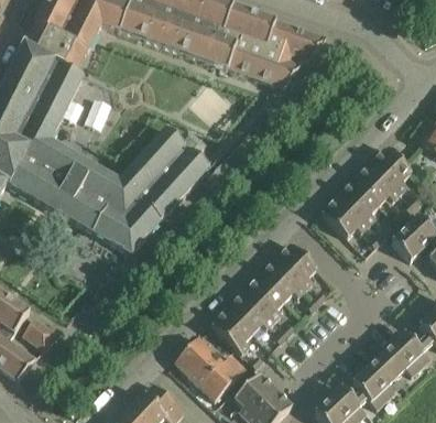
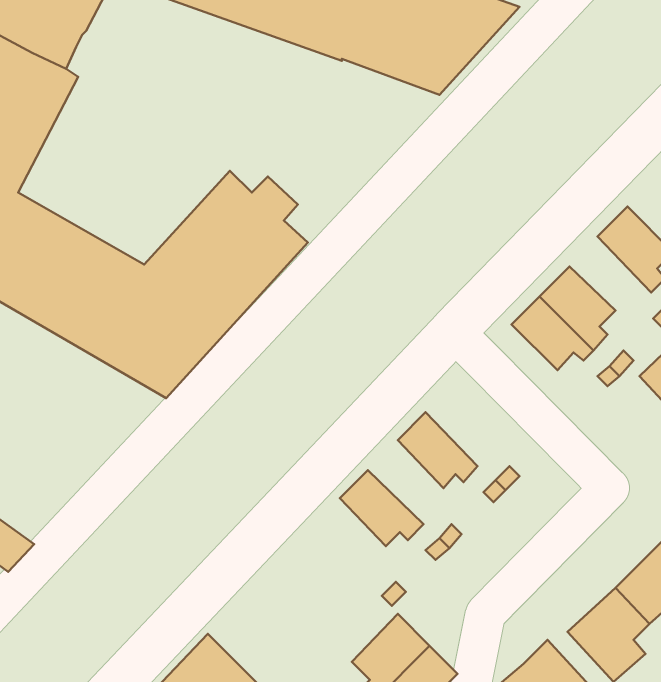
building: [352,163,397,204] -> none
building: [273,242,315,290] -> none
building: [241,275,283,322] -> none
building: [210,307,251,354] -> none
building: [174,337,244,400] -> none

